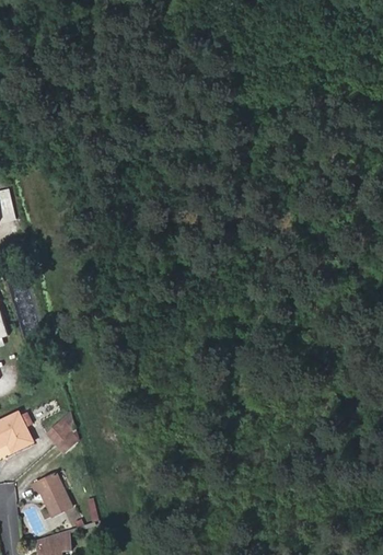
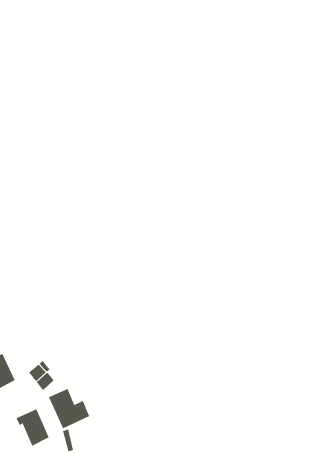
building: none -> [48,388,90,429]

